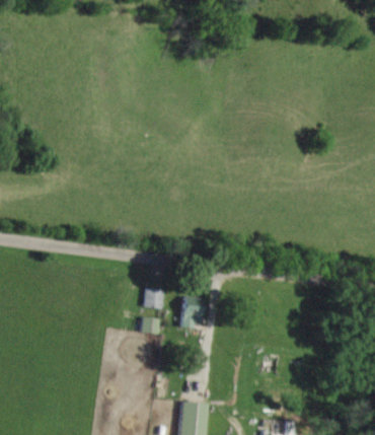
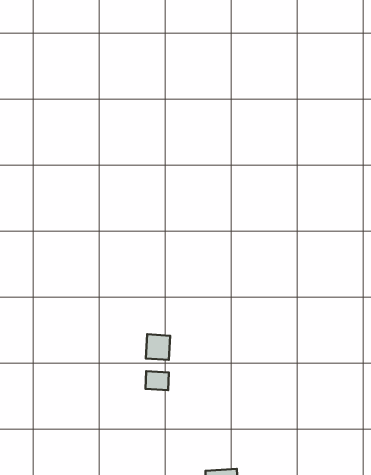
building: [180,303,202,327] -> none

